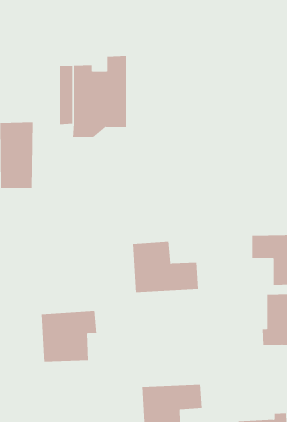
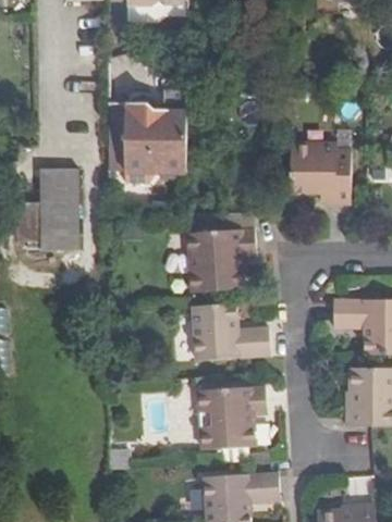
building: none -> [289,141,350,202]
building: none -> [187,228,254,291]
building: [41,311,97,362] -> [199,389,266,450]

